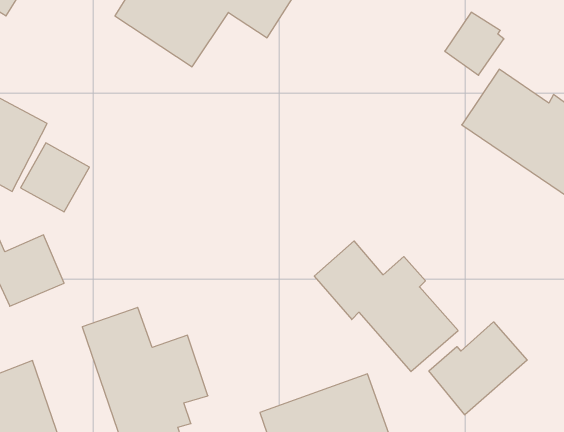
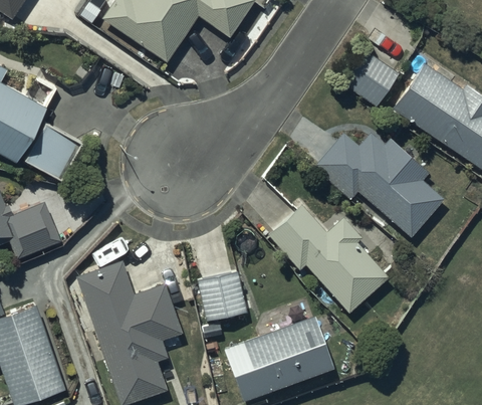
building: [445,12,504,75] -> [347,54,397,107]
building: none -> [313,133,443,236]
building: [429,322,527,415] -> none
building: none -> [198,272,247,322]

